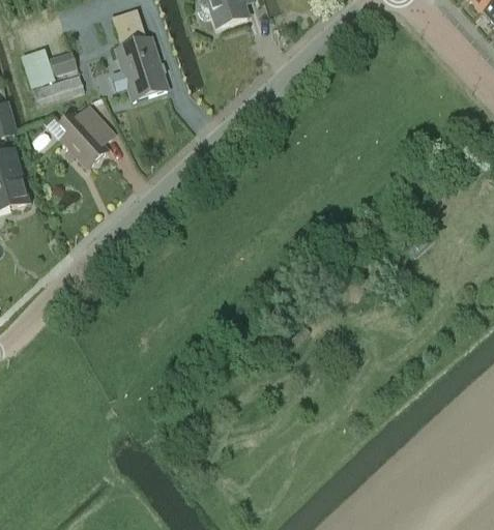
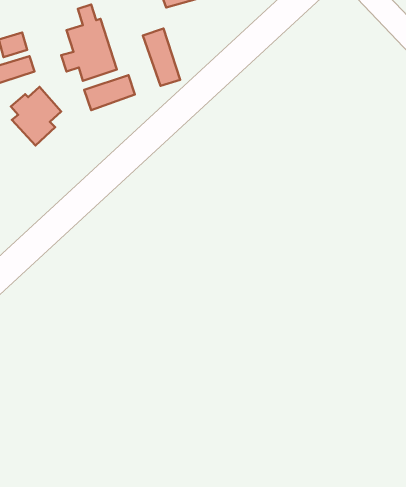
building: none -> [143,29,180,86]
building: none -> [84,75,135,110]

